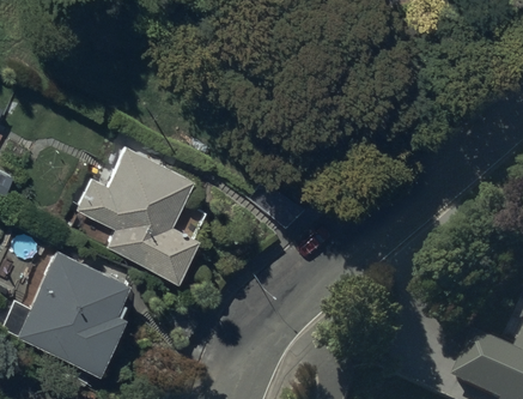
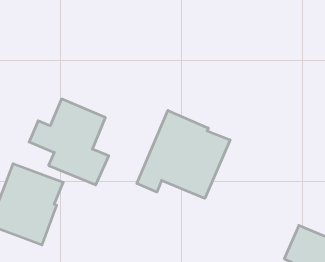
building: none -> [137,110,230,198]

